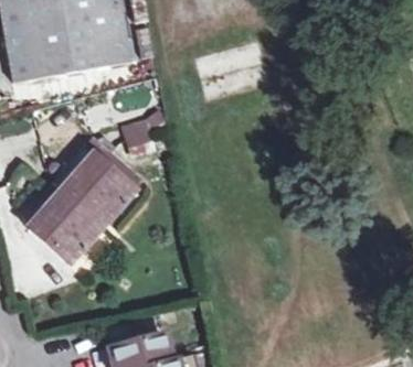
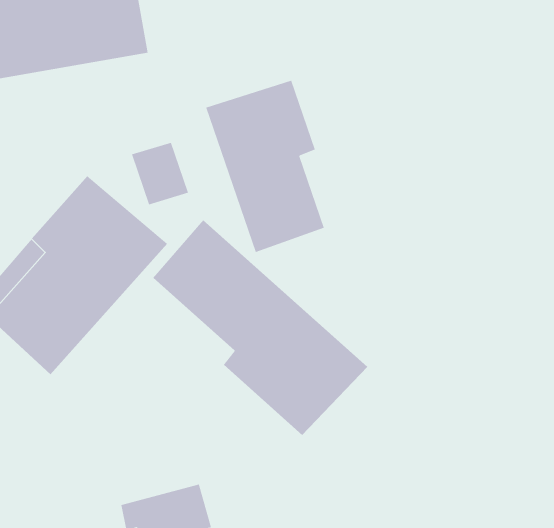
building: none -> [205,80,325,253]
building: none -> [153,219,368,436]

